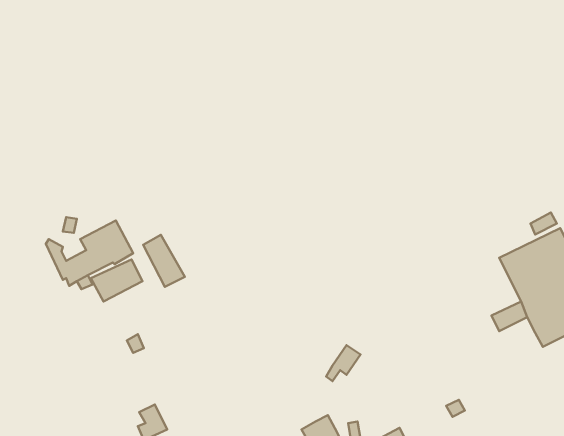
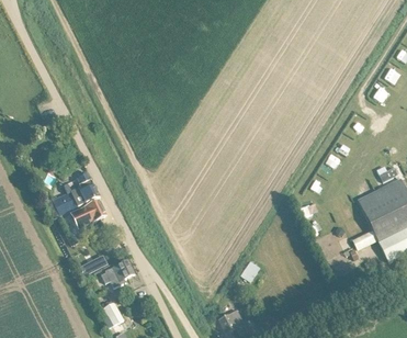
building: [143,235,185,287] -> none
building: none -> [100,259,134,286]

